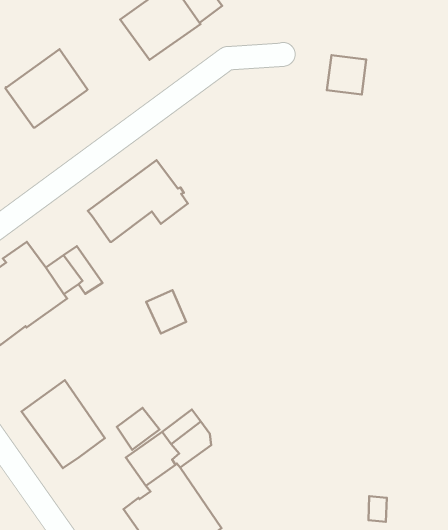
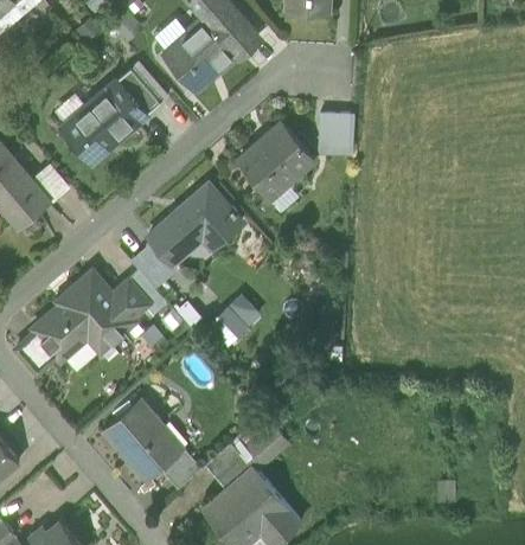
building: none -> [108,68,161,123]
building: [327,55,366,94] -> [320,113,354,147]
building: none -> [239,122,315,198]
building: none -> [132,242,177,288]
building: [117,408,159,450] -> [161,449,201,489]

